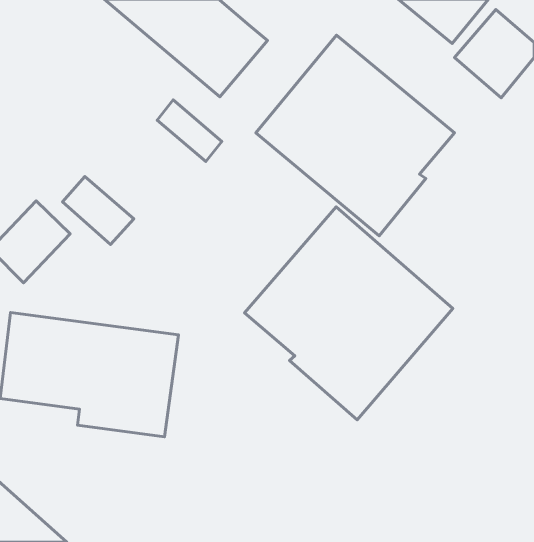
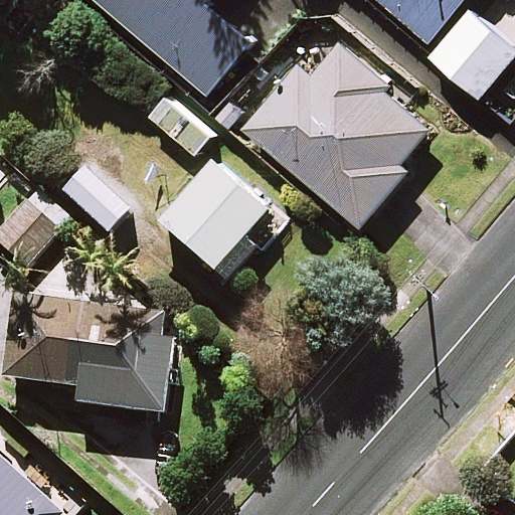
building: none -> [157,159,282,283]
building: [244,207,453,420] -> none

